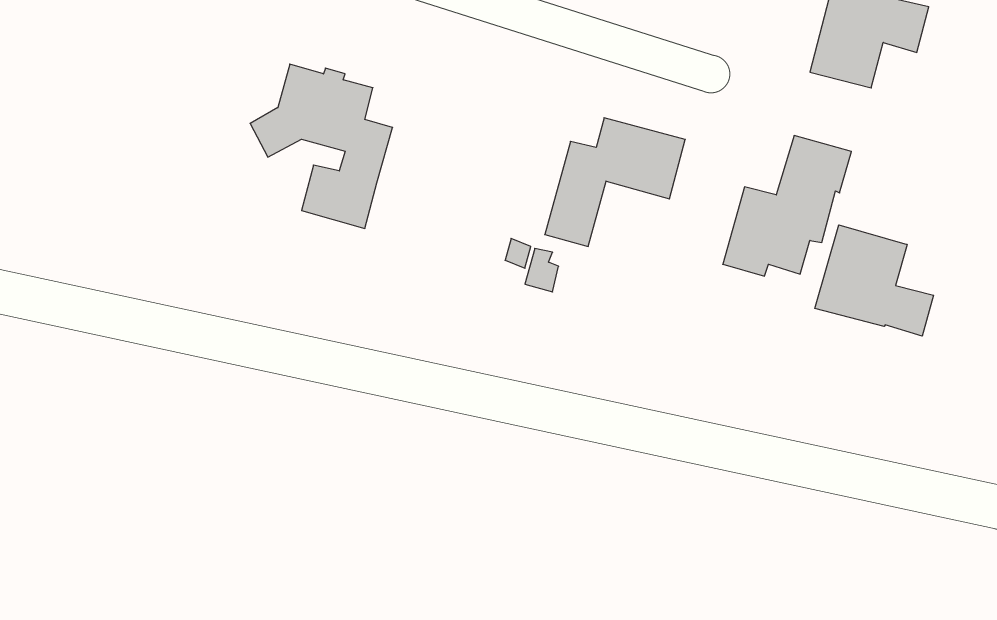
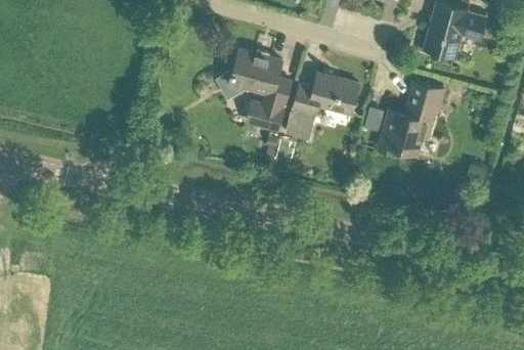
building: [250,64,393,228] -> [218,47,292,132]
building: [815,225,934,336] -> none

